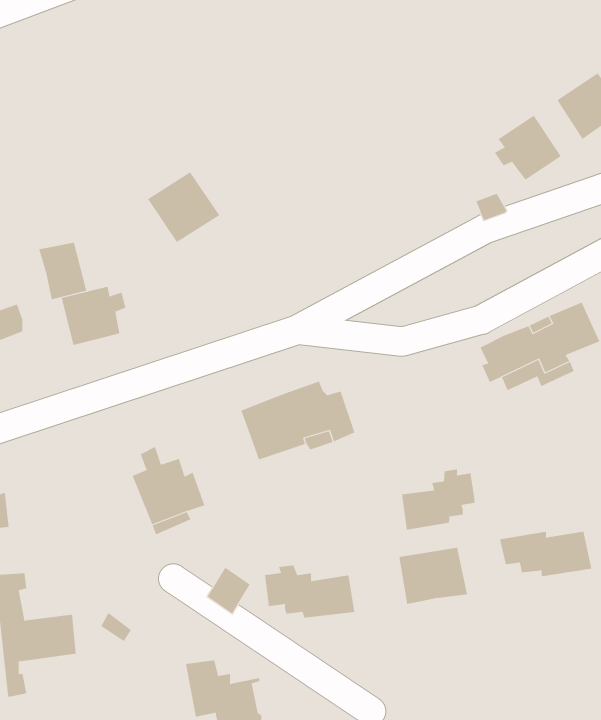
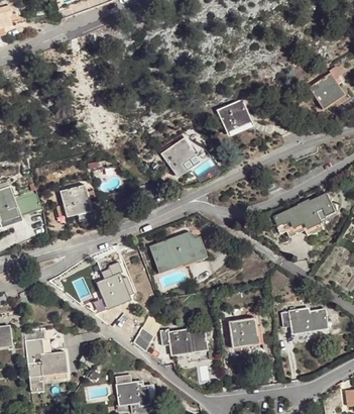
building: [494,115,562,180] -> none
building: none -> [216,100,249,131]
building: [147,172,220,243] -> [160,139,198,176]
building: [39,242,87,300] -> none
building: [402,469,476,530] -> none

